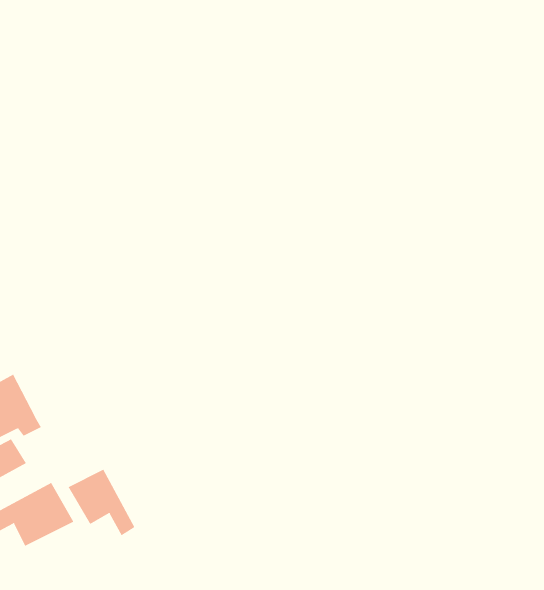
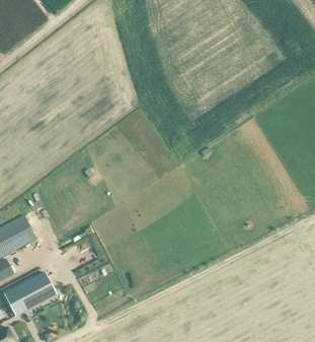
building: [68,469,135,536] -> none

